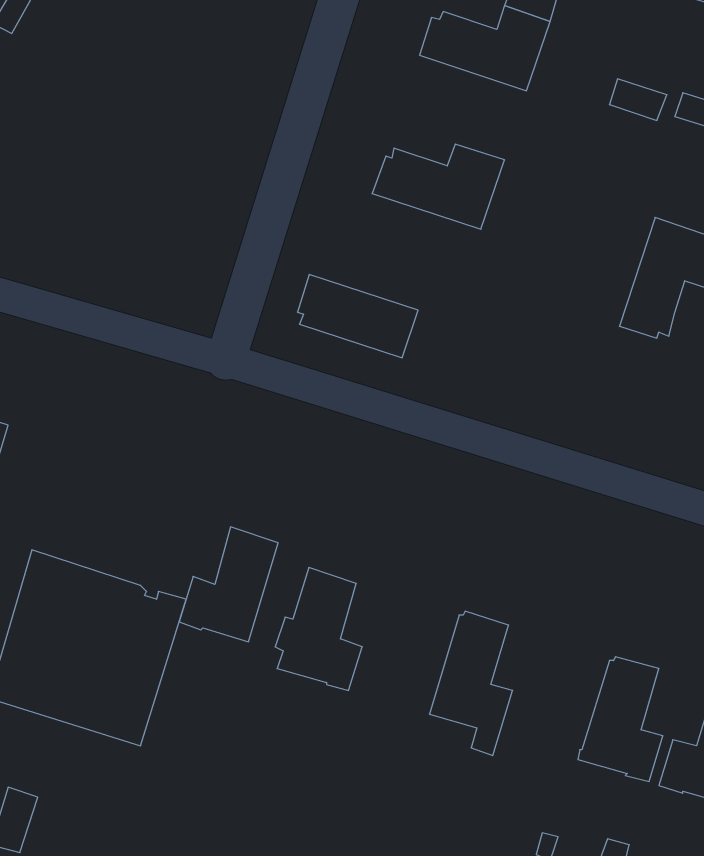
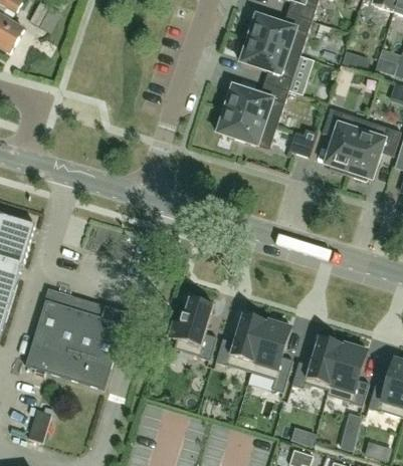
building: none -> [238,37,299,90]
building: none -> [322,108,365,175]
building: none -> [288,129,317,158]
building: [297,275,418,358] -> [215,107,276,150]
building: [179,527,278,642] -> [215,313,265,372]
building: none -> [291,336,342,390]

